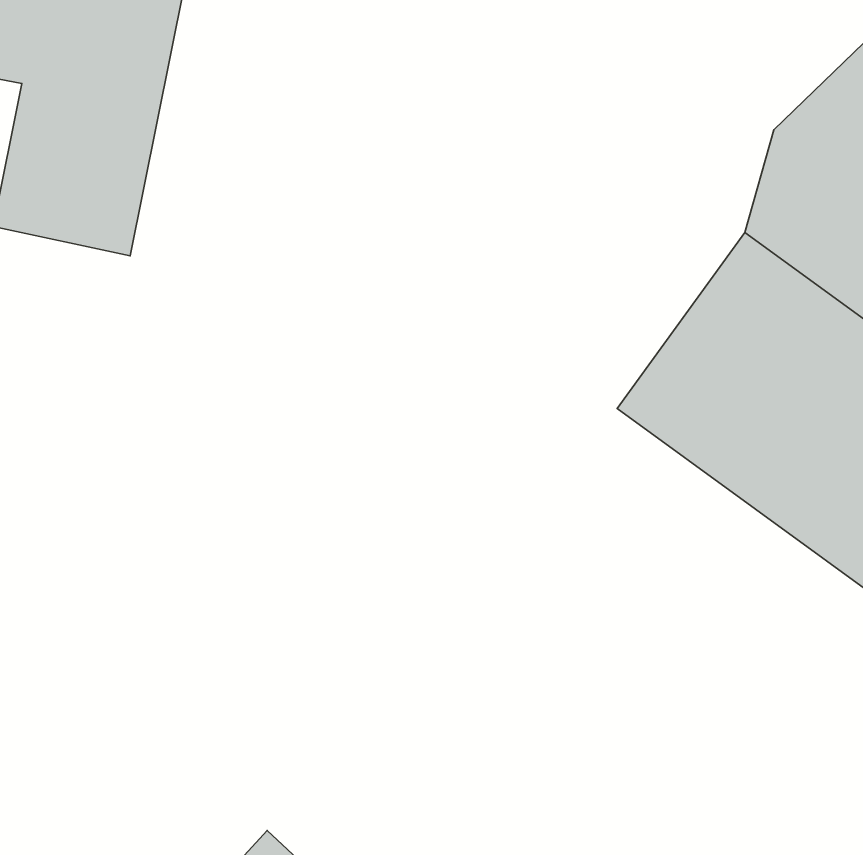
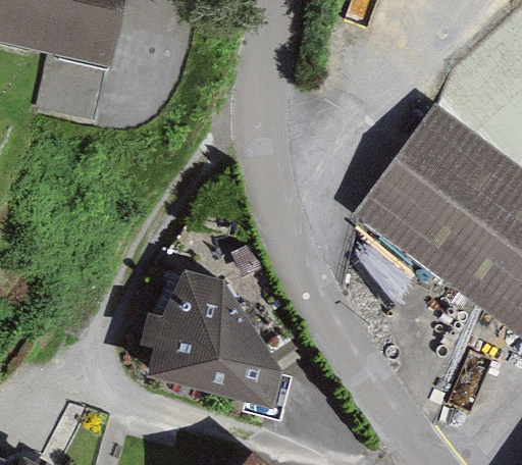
building: none -> [127,248,284,420]

